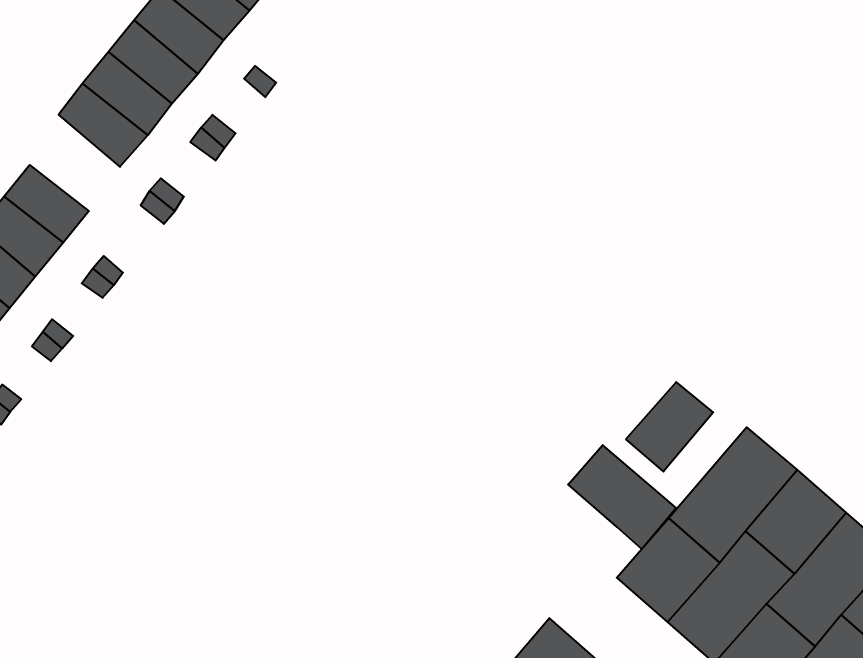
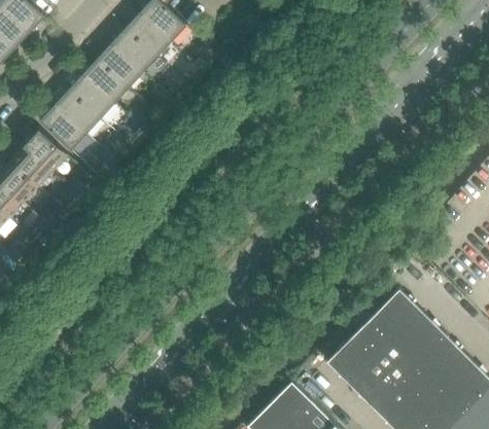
building: none -> [39,106,84,152]
building: [626,382,713,472] -> none
building: [568,445,676,549] -> none

